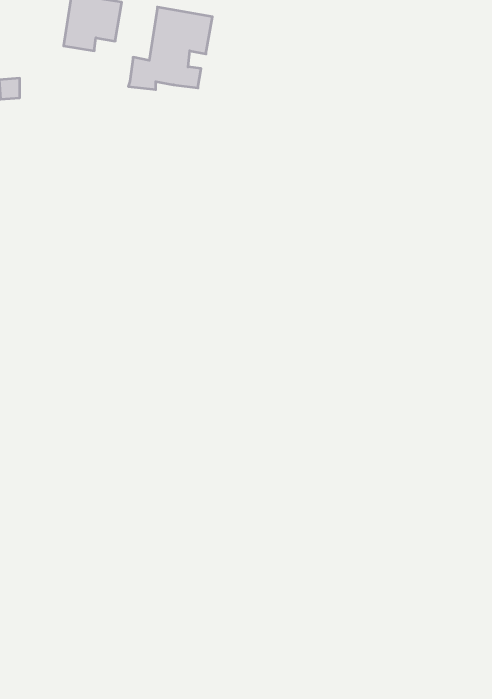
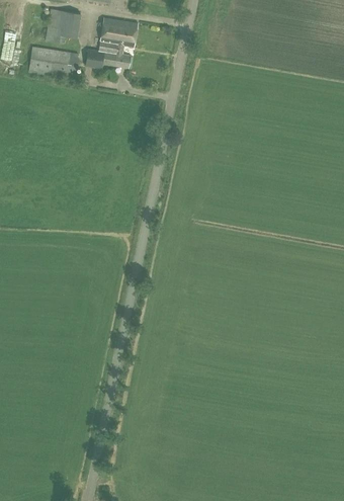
building: none -> [28,46,79,77]

